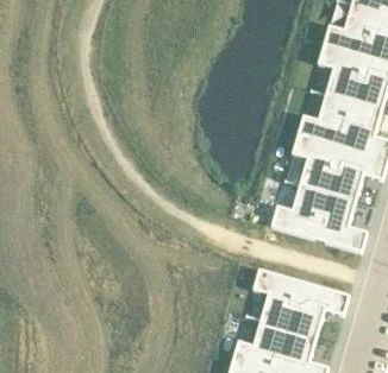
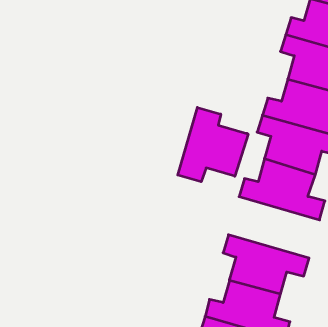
building: none -> [178,107,248,182]

